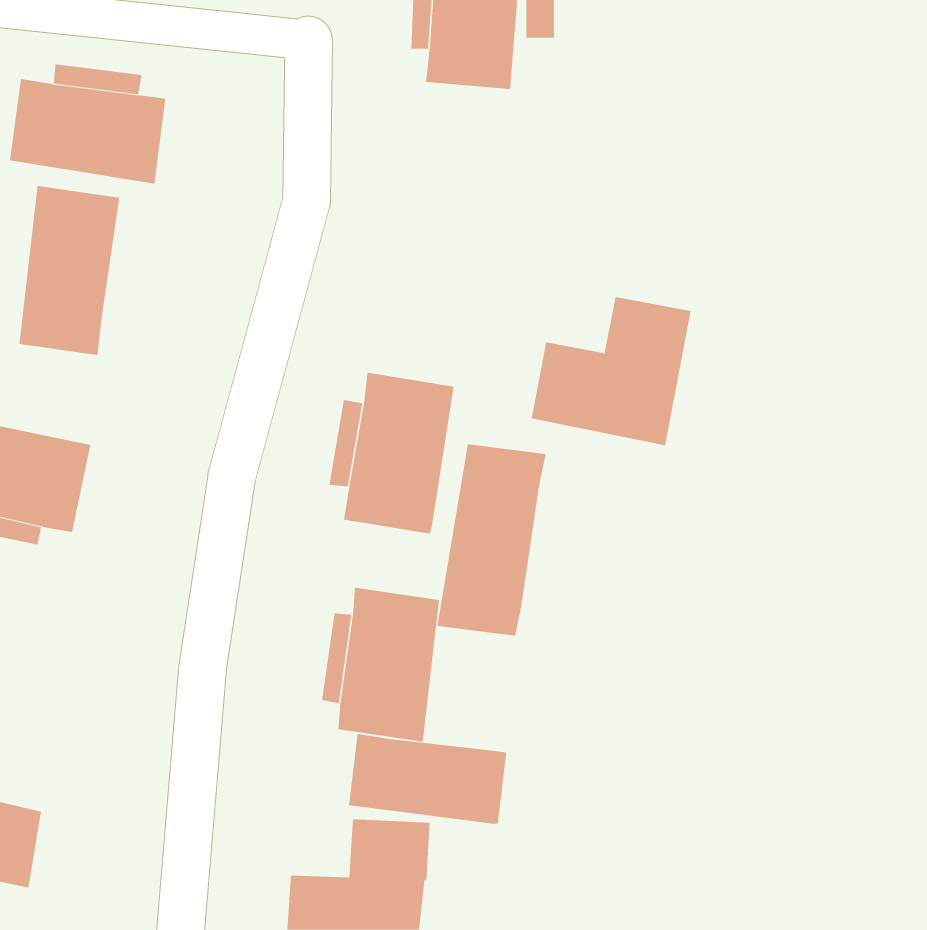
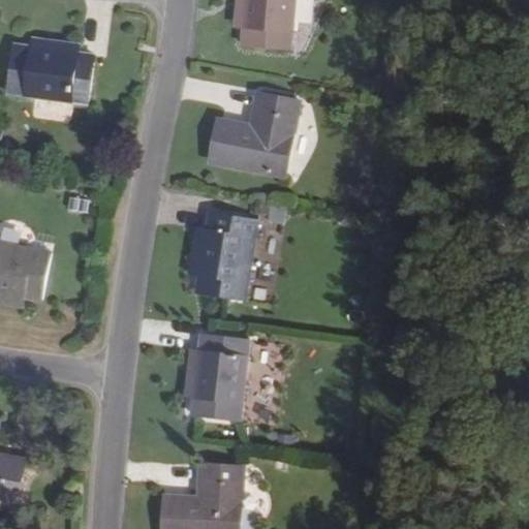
building: [19,185,120,356] -> none
building: [531,296,691,446] -> [209,93,300,178]
building: [437,444,546,636] -> none
building: [349,733,507,824] -> none

